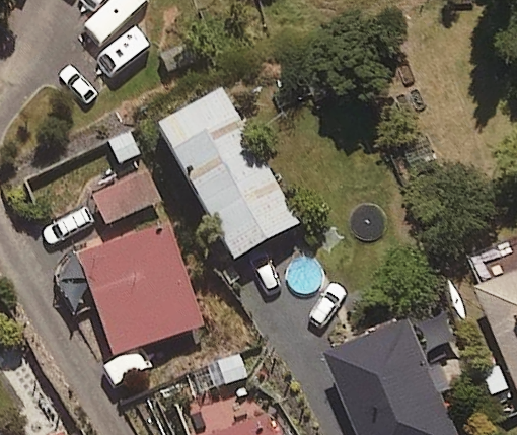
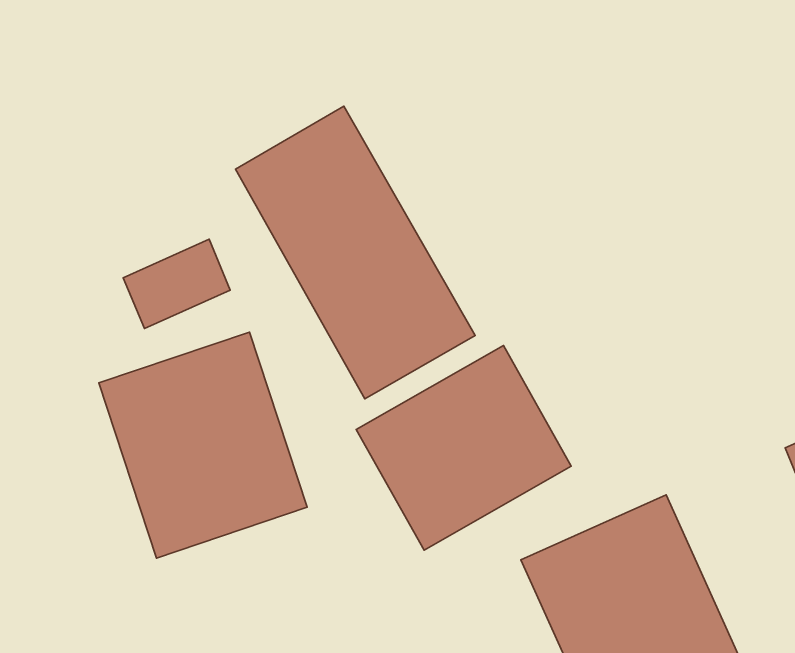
building: none -> [356,346,571,550]

